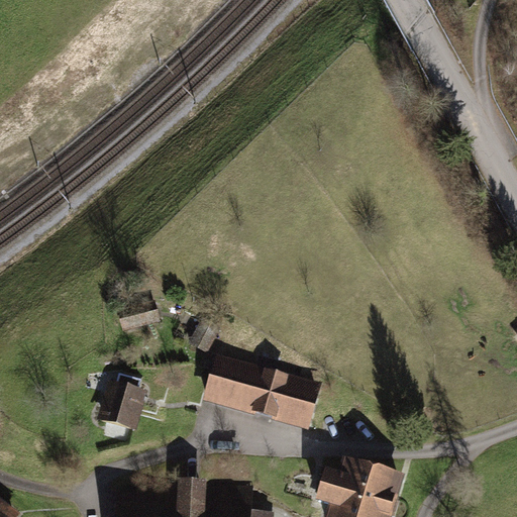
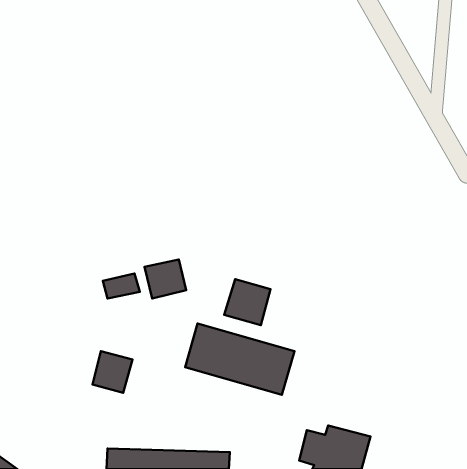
building: none -> [145,259,186,299]
building: none -> [224,279,271,325]

